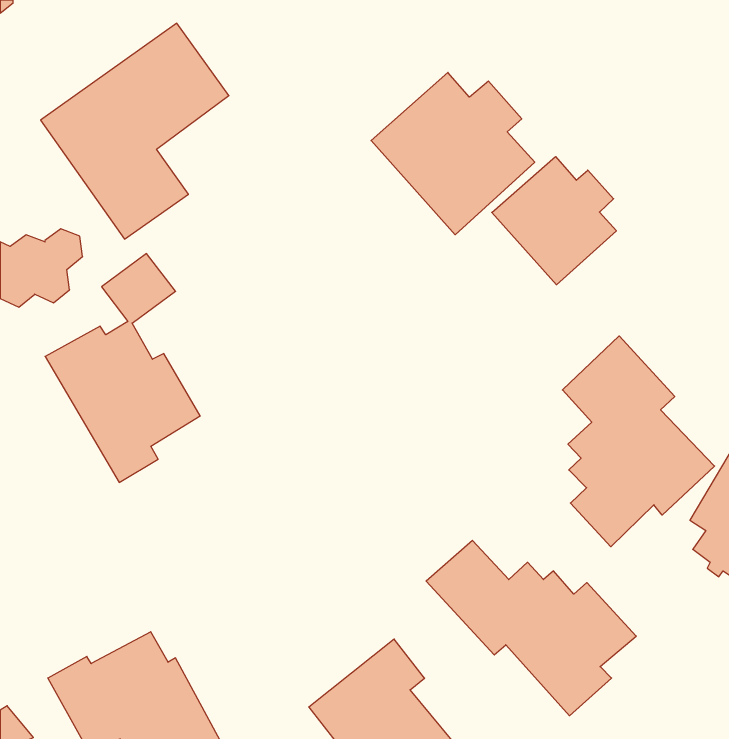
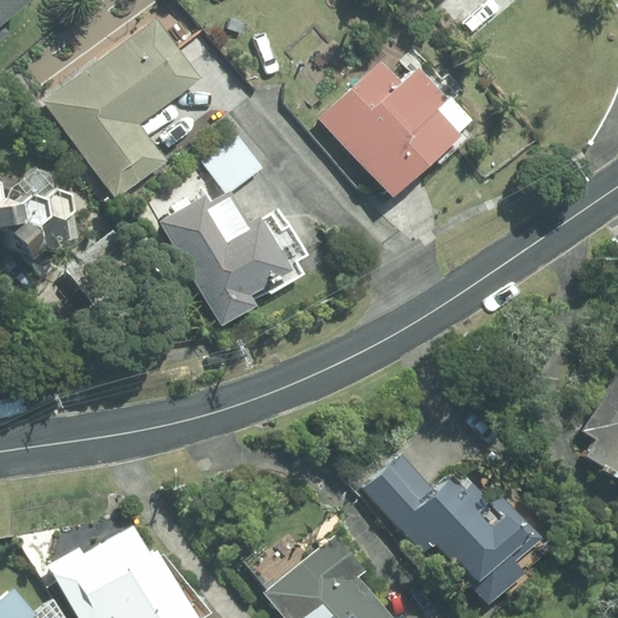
building: [492,157,616,285] -> none
building: [45,254,200,482] -> [158,136,287,327]
building: [562,336,715,547] -> none

